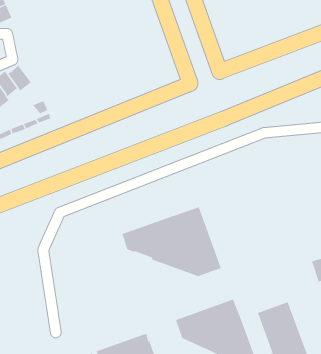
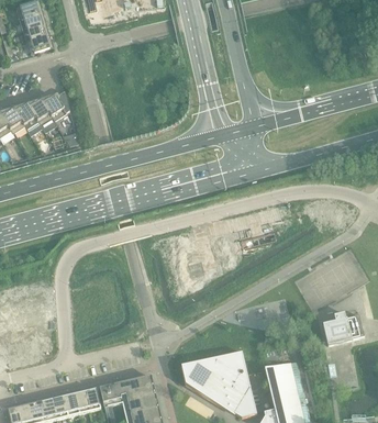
building: [122,207,221,277] -> none

